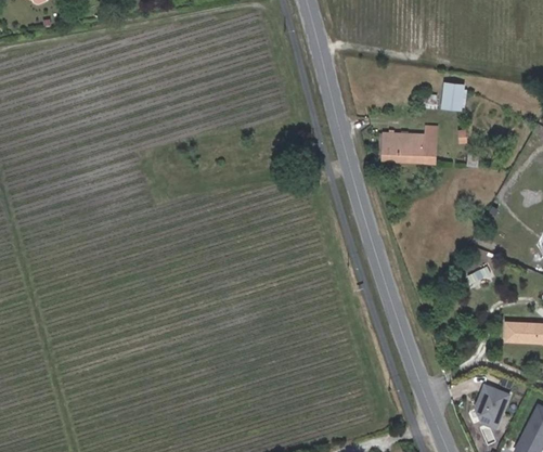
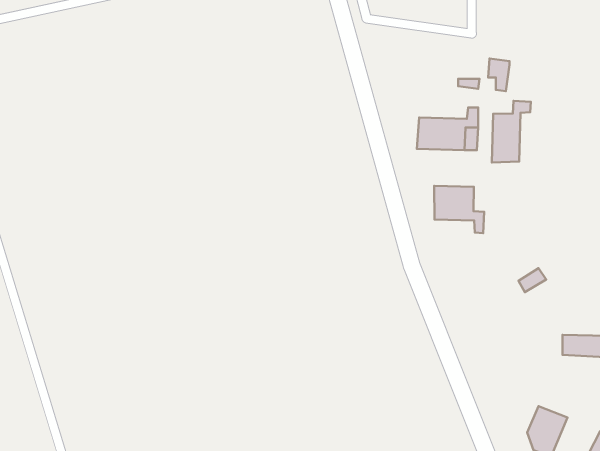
building: none -> [492,101,531,163]
building: none -> [434,186,484,233]

